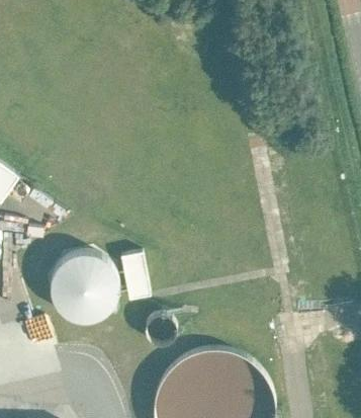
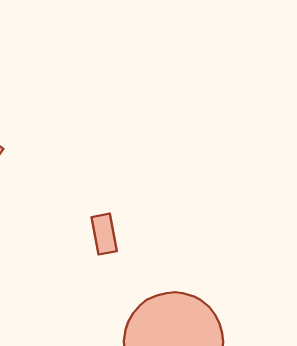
building: [46,250,117,322] -> none

